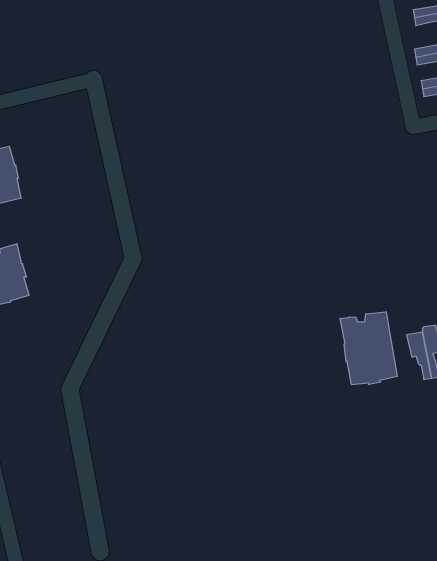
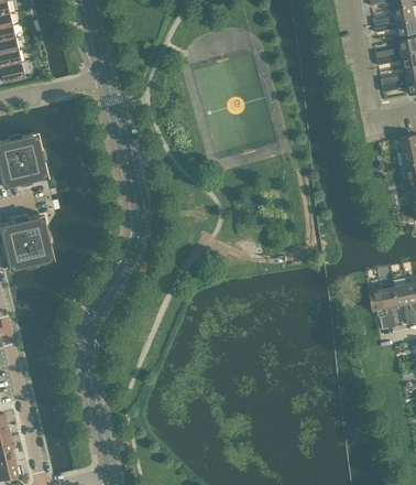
building: [340,312,397,385] -> none

